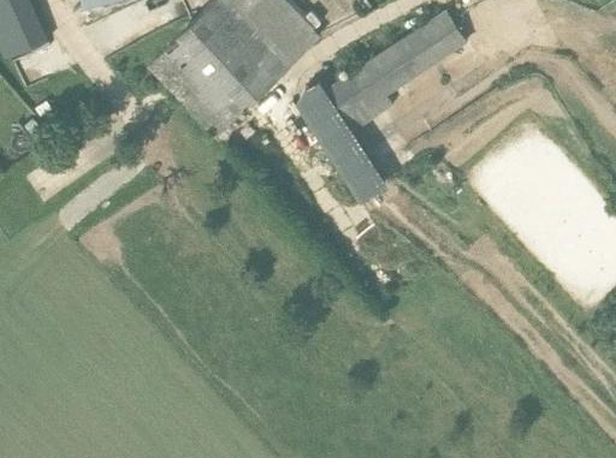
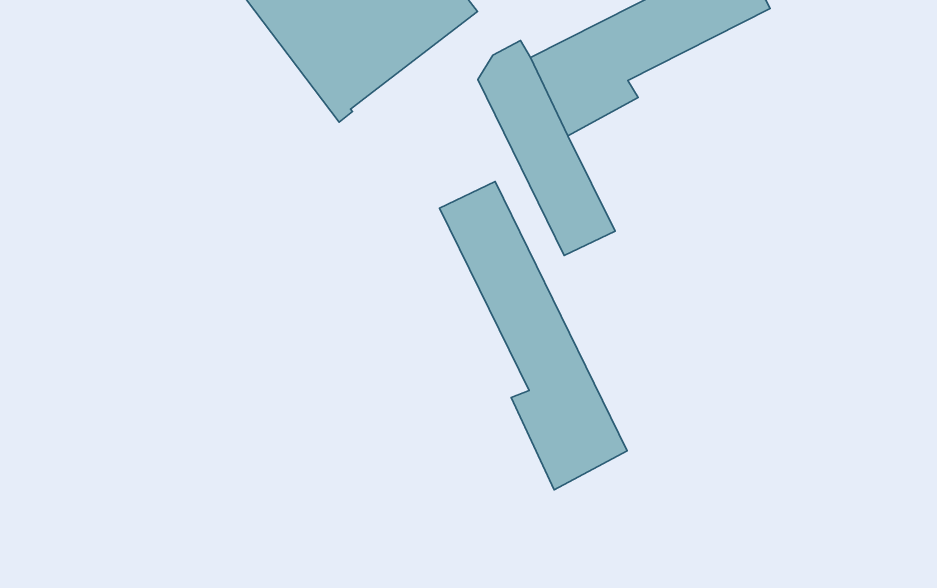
building: none -> [440,182,627,490]

